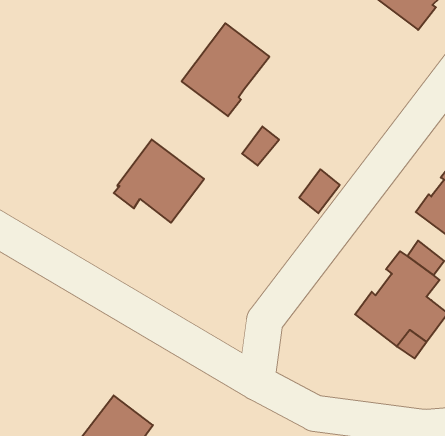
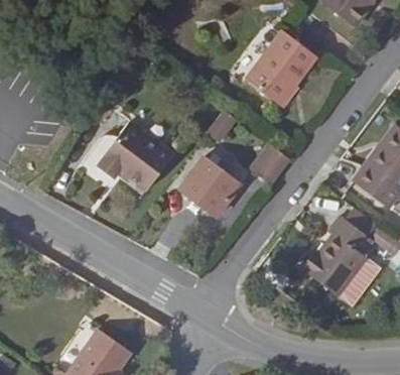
building: [182,23,269,116] -> [244,28,318,107]
building: none -> [179,155,241,216]

